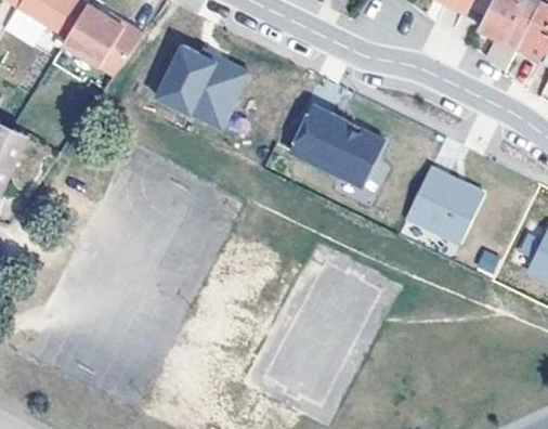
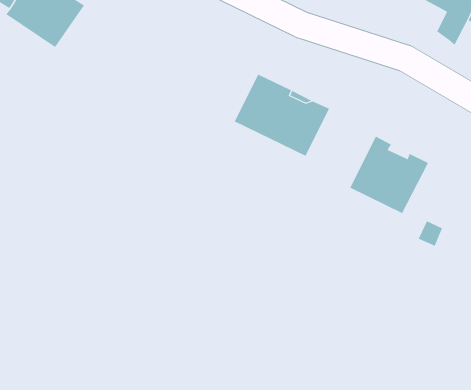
building: [156,44,248,128] -> none

